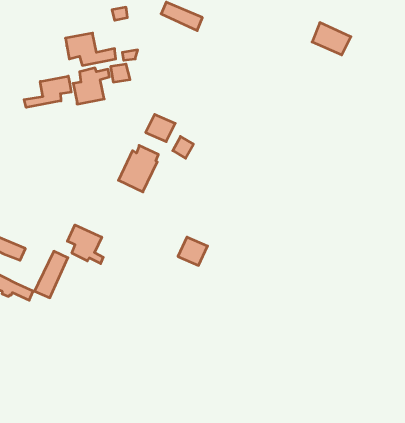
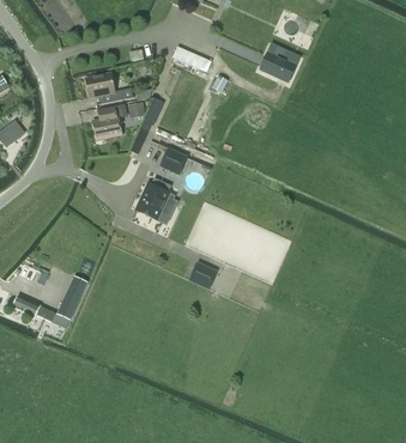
building: [312,23,351,55] -> [260,51,296,81]
building: [24,76,71,107] -> none
building: [67,225,103,264] -> none

